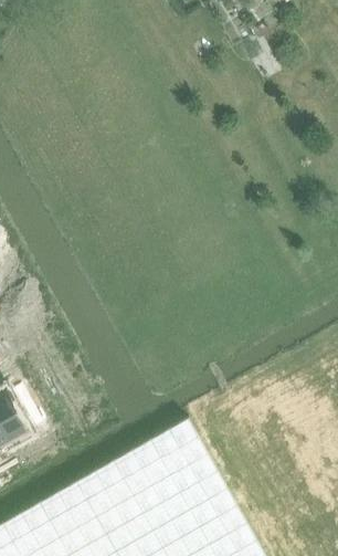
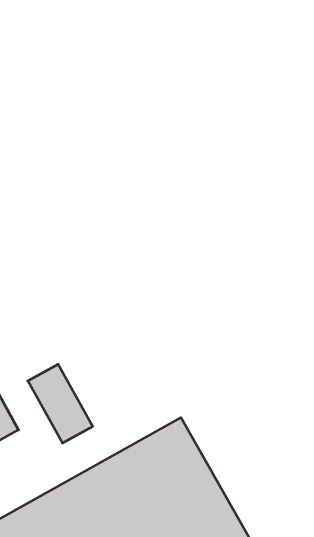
building: none -> [28,364,93,443]

